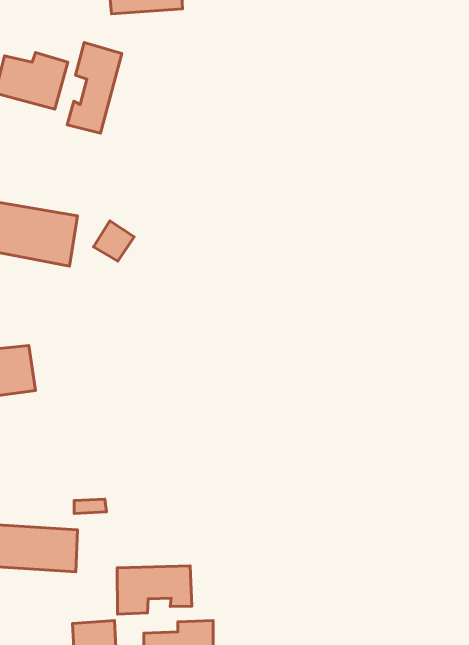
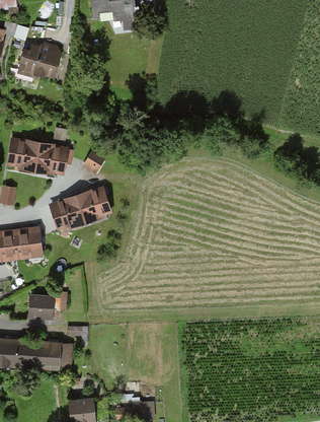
building: [67,42,122,133] -> none
building: none -> [49,187,111,230]
building: none -> [27,296,54,320]
building: [117,566,192,614] -> none

